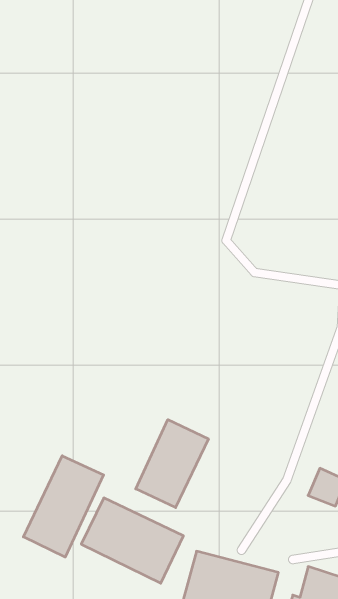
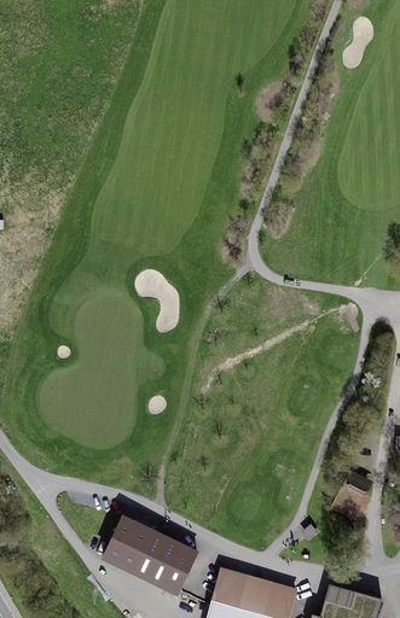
building: [136,420,208,508] -> none
building: [23,456,104,557] -> none

